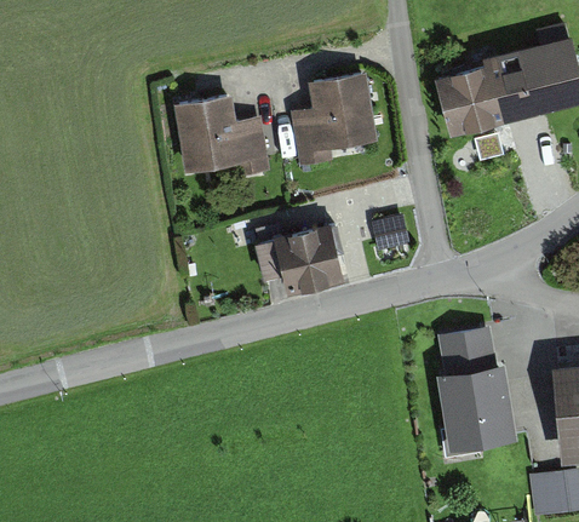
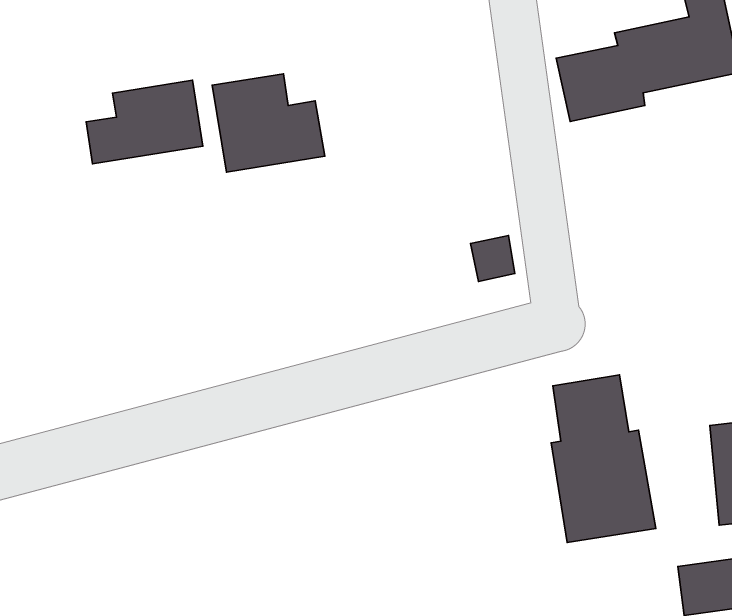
building: [290,76,377,168] -> none
building: none -> [86,80,203,164]
building: [258,224,343,292] -> none

